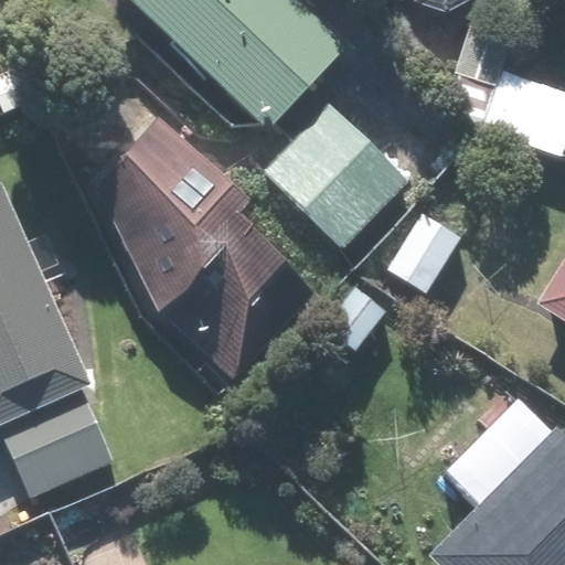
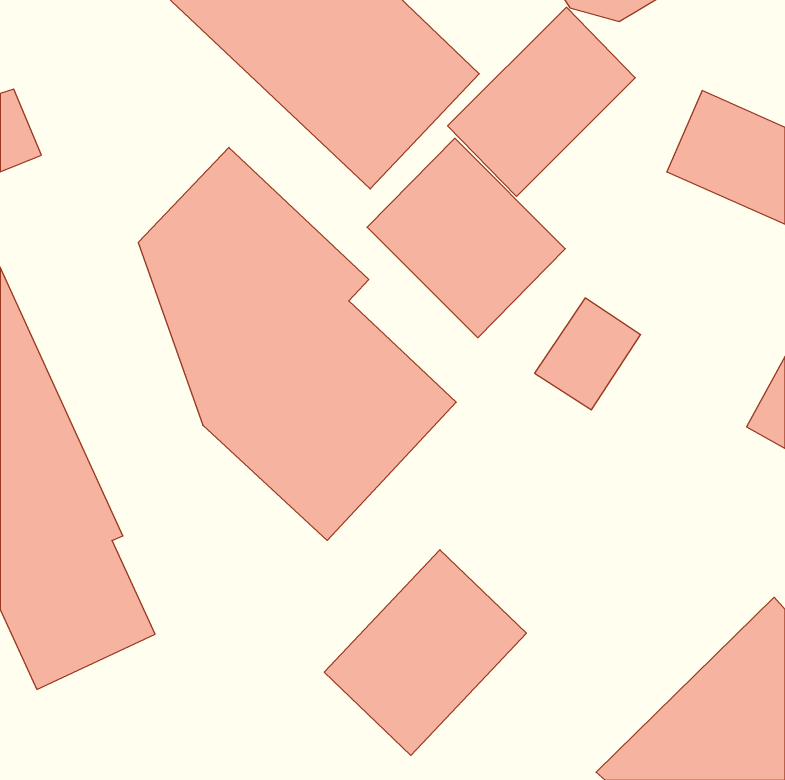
building: none -> [448,7,635,196]
building: none -> [324,550,526,755]

